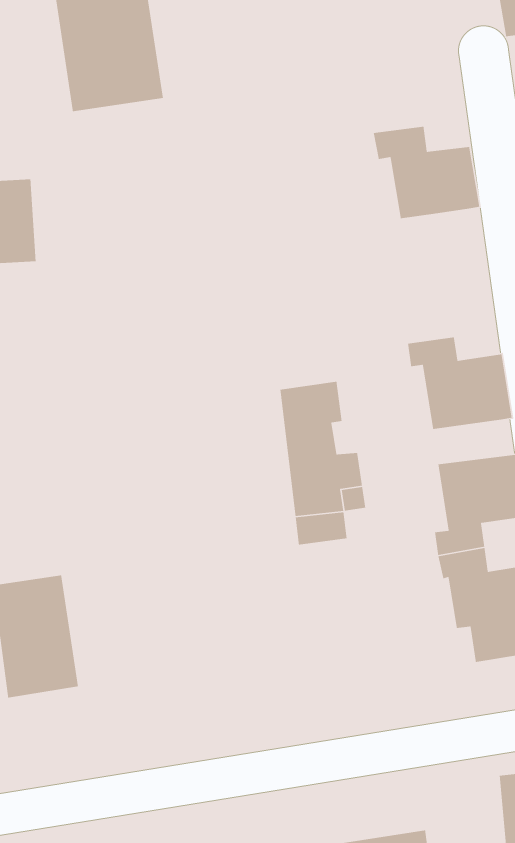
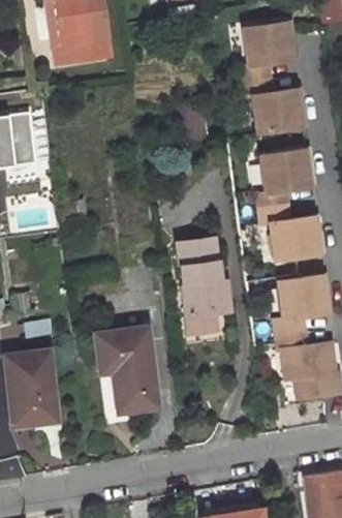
building: none -> [235,21,291,83]
building: none -> [254,150,311,211]
building: none -> [95,328,158,412]

